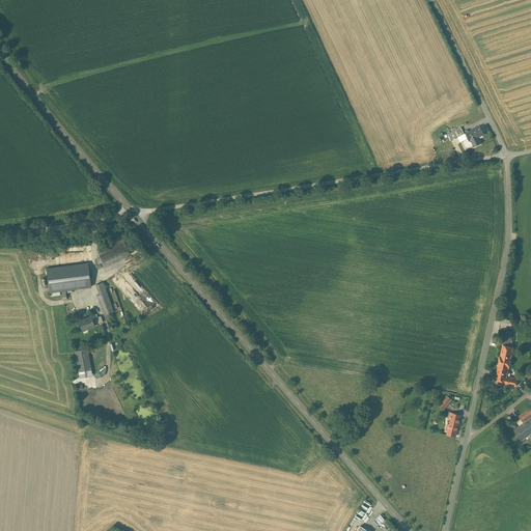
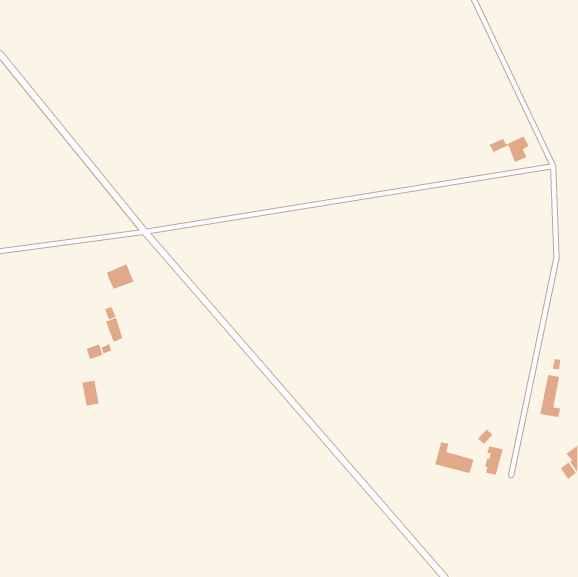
building: [47,262,91,291] -> none
building: none -> [434,442,474,474]

